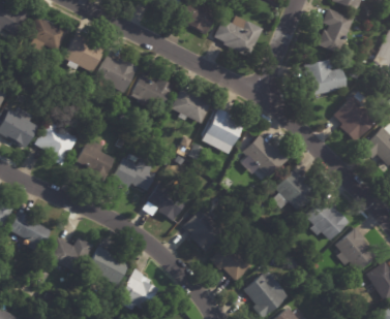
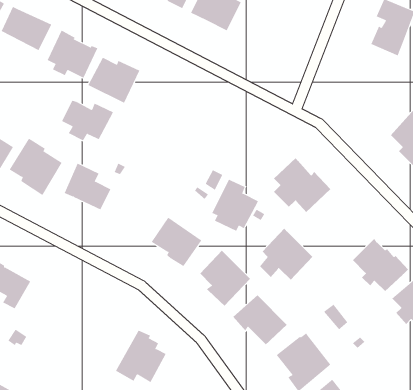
building: [215,17,263,58] -> none
building: [304,61,347,96] -> none
building: [132,75,174,107] -> [61,100,114,141]
building: [172,88,212,123] -> none
building: [206,108,243,150] -> [211,179,259,231]
building: [112,157,155,190] -> none
building: [273,169,316,211] -> [259,228,313,281]
building: [48,237,93,274] -> none
building: [87,247,128,285] -> none

